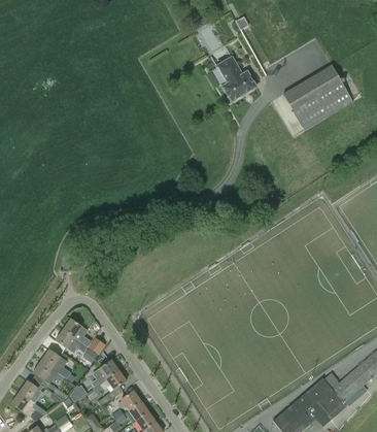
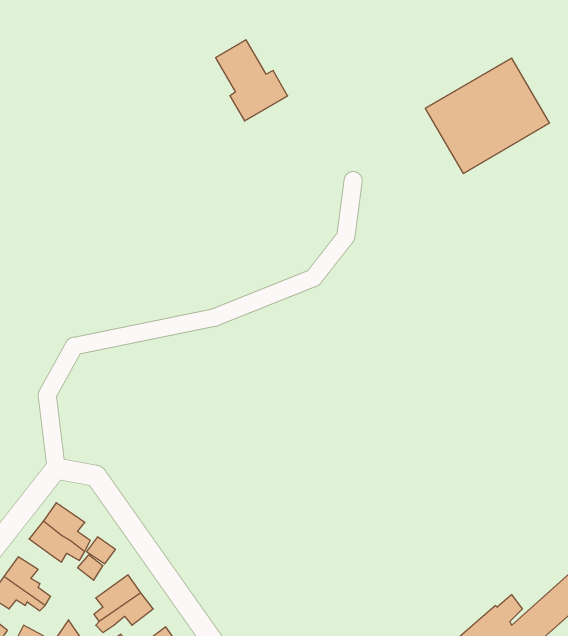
building: [215,55,256,101] -> [216,40,288,121]

